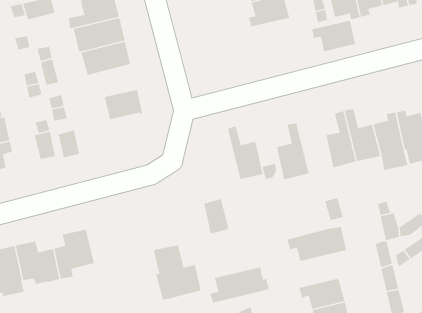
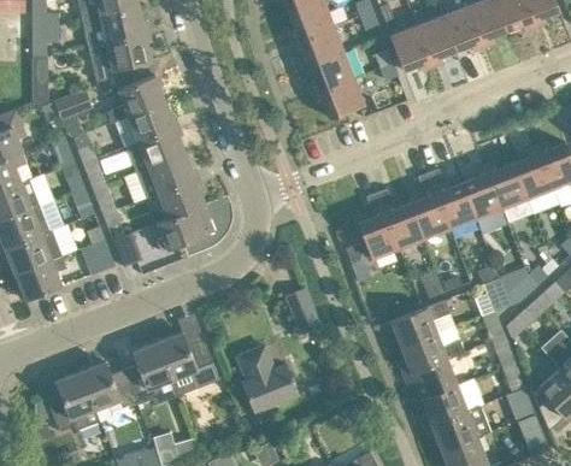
building: [311,20,356,52] -> [312,78,364,118]
building: none -> [137,153,195,197]
building: none -> [157,206,214,252]
building: [227,125,263,180] -> [377,188,424,248]
building: none -> [159,332,219,389]
building: [210,267,270,304] -> [399,328,465,376]

